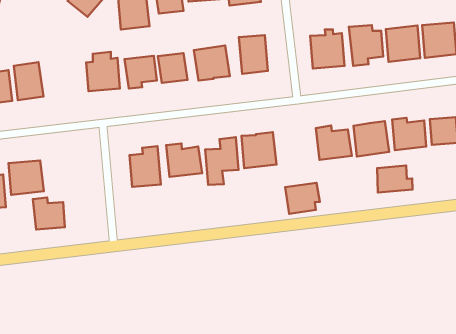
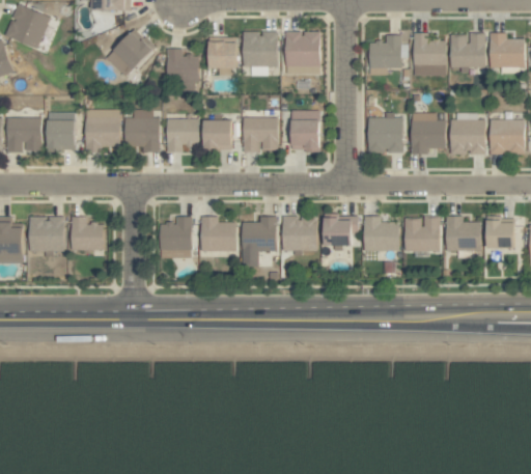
building: none -> [85,110,120,152]
building: [377,166,413,192] -> none
building: [285,183,320,214] -> [324,216,359,246]
building: [33,197,65,230] -> [72,217,104,251]

